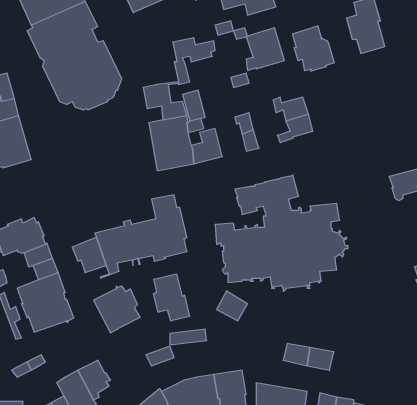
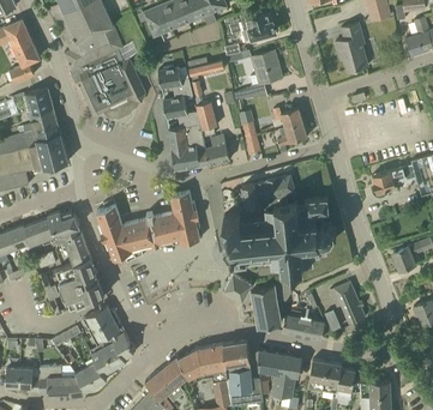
building: [293,26,334,71] -> none
building: none -> [158,66,193,97]
building: none -> [97,204,124,235]
building: [153,274,189,321] -> none
building: [94,286,140,333] -> [83,306,122,345]
building: none -> [329,281,366,324]
building: none -> [252,287,282,326]

